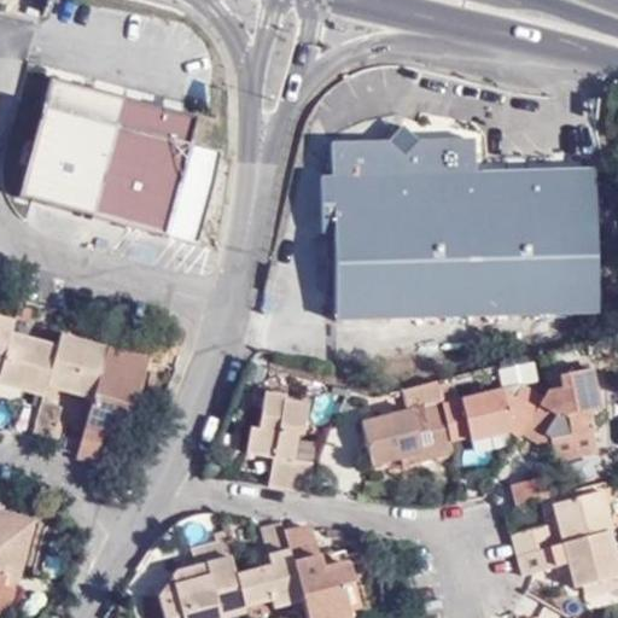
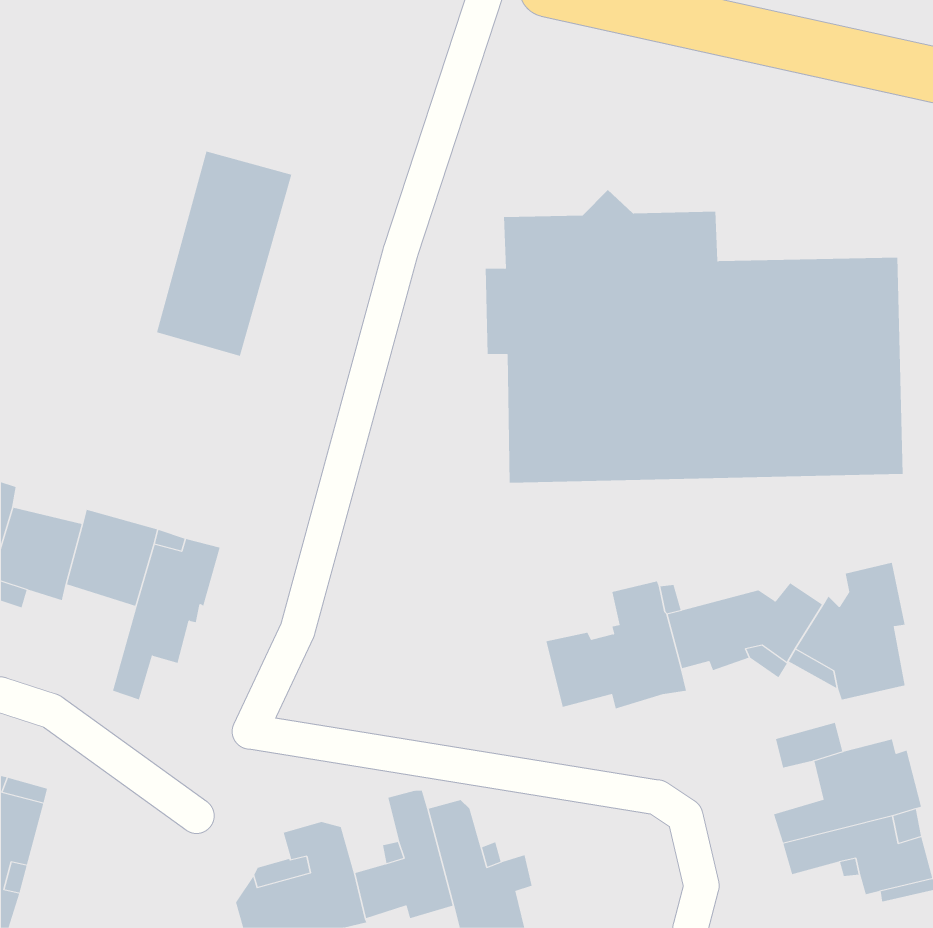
building: [19,75,139,218] -> none
building: [246,392,313,490] -> none

